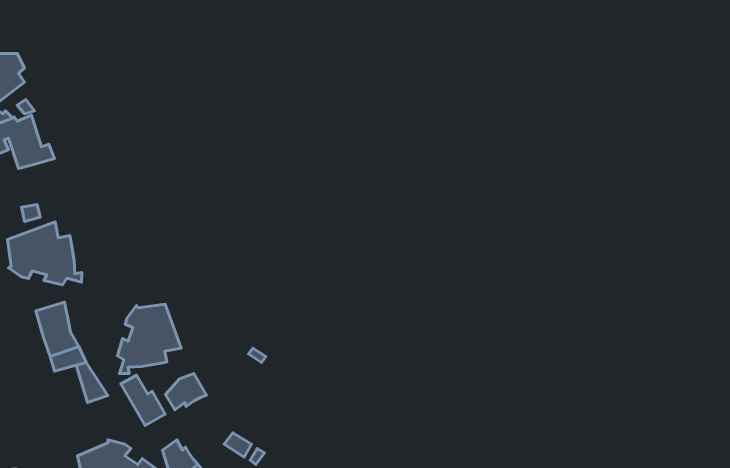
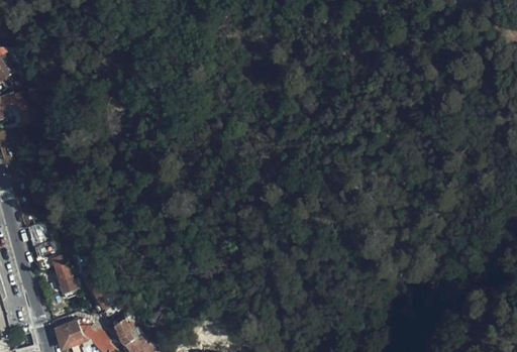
building: [7,222,82,285] -> none
building: [117,304,181,374] -> none
building: [165,373,207,410] -> none

